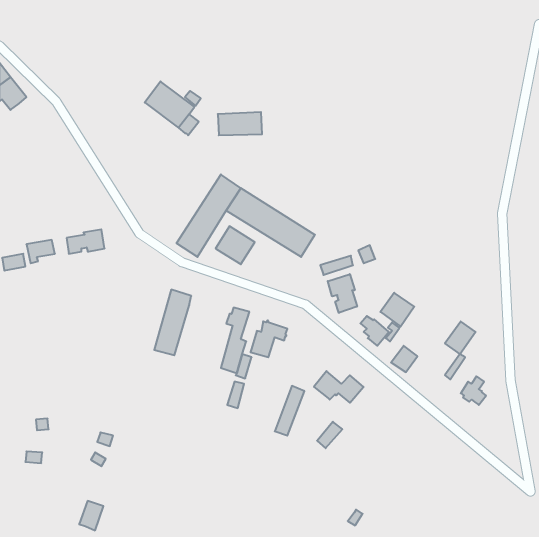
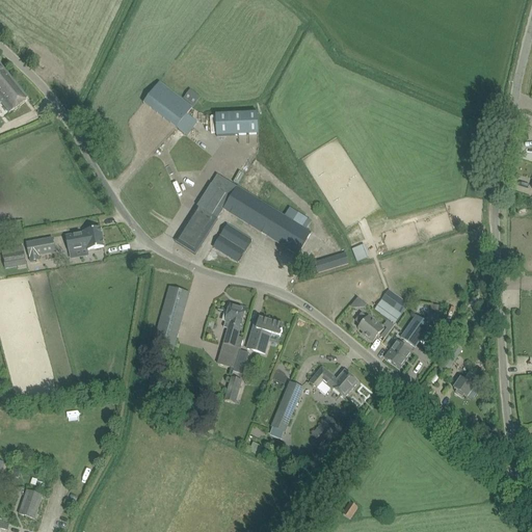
building: [328,274,357,313] -> none
building: [445,321,476,354] -> [399,313,429,345]
building: [79,501,103,530] -> [18,488,42,517]

